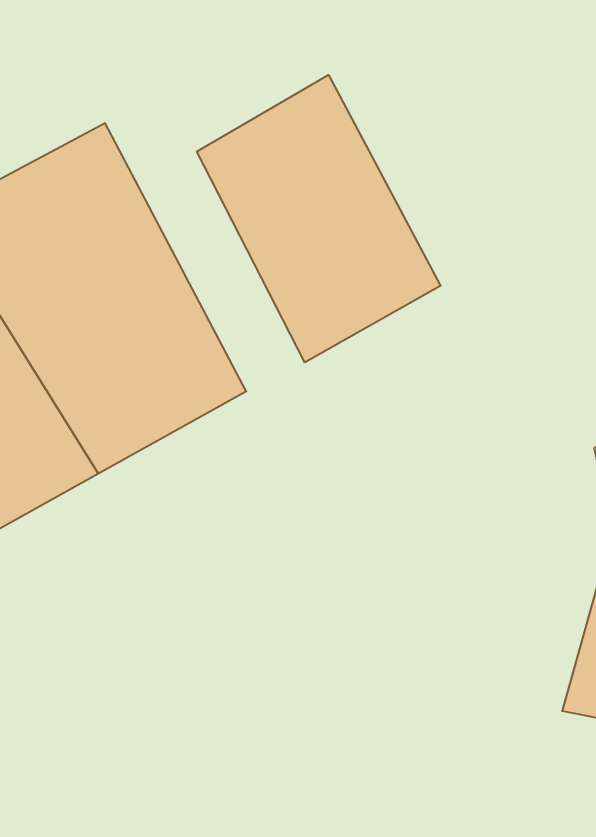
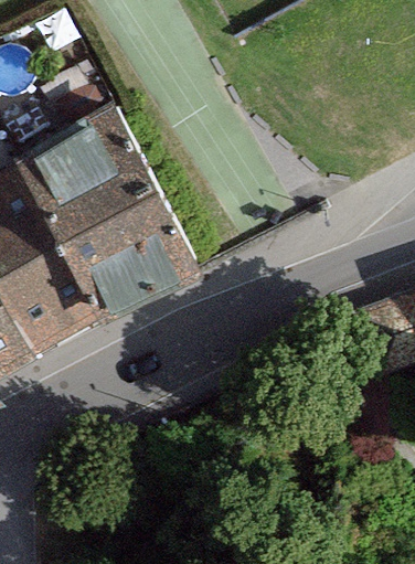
building: [197,75,440,362] -> none

